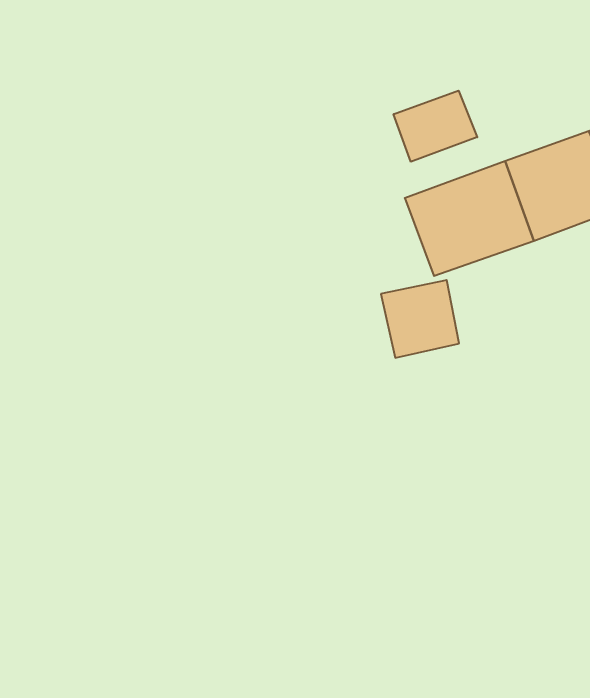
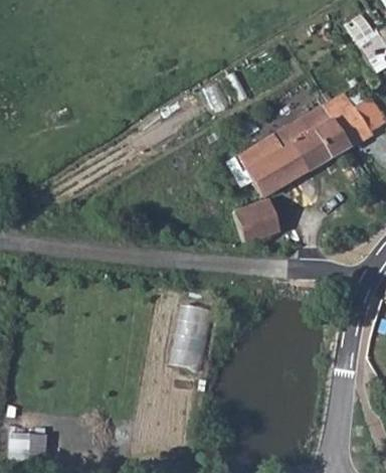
building: [394,91,477,162] -> none
building: none -> [179,303,215,366]

